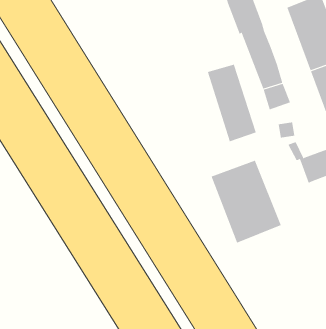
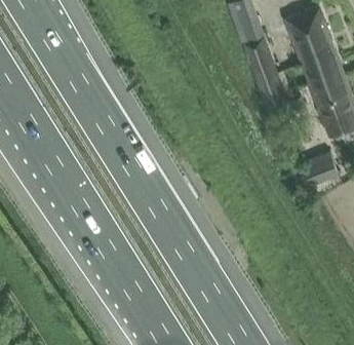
building: [207,64,257,142] -> none
building: [211,160,281,244] -> none

